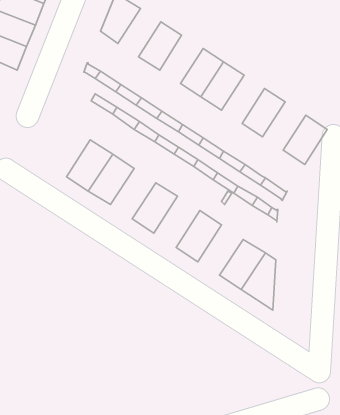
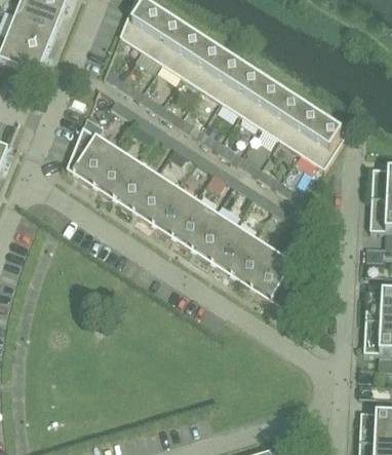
building: none -> [136,11,180,60]
building: none -> [179,38,222,86]
building: none -> [240,78,283,126]
building: none -> [281,105,324,153]
building: none -> [66,125,109,180]
building: none -> [129,172,174,222]
building: none -> [172,199,219,251]
building: none -> [217,228,262,278]

